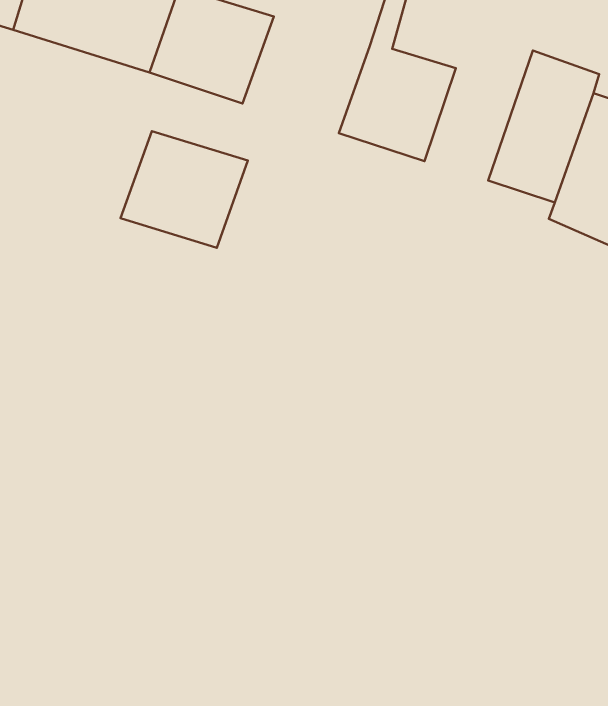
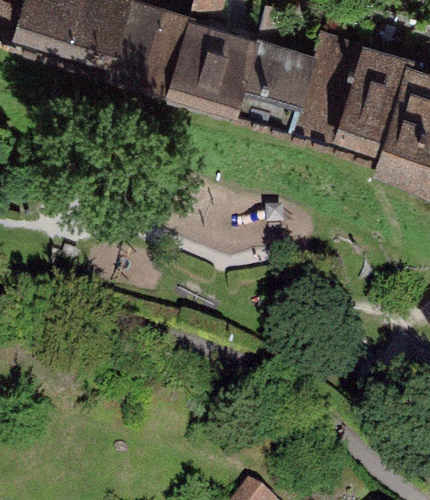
building: none -> [294,33,367,134]
building: [121,131,248,248] -> [171,23,257,102]

